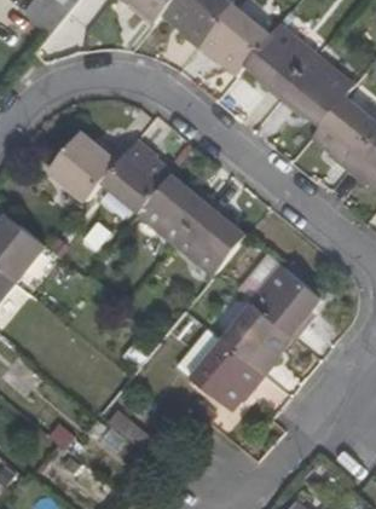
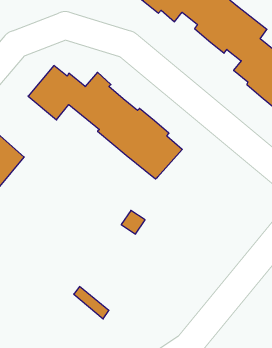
building: [190,264,319,410] -> none

